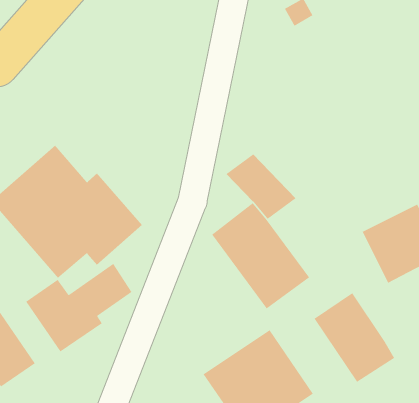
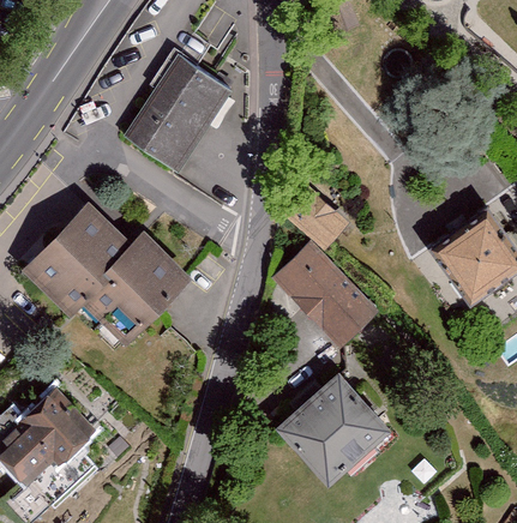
building: none -> [113,47,226,164]
building: [25,263,133,353] -> none
building: [313,292,395,383] -> none

